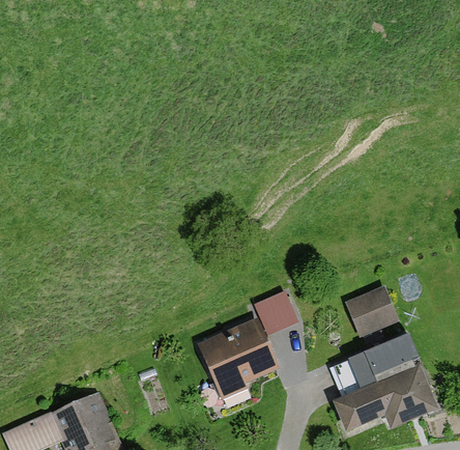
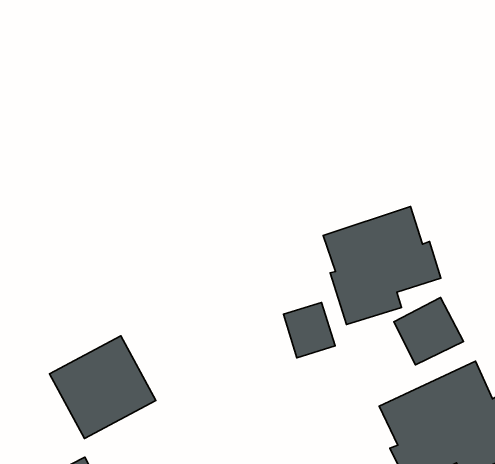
building: none -> [323,207,441,325]
building: [198,317,279,395] -> [50,336,156,439]

